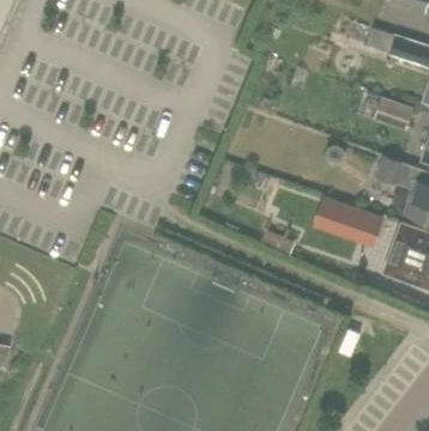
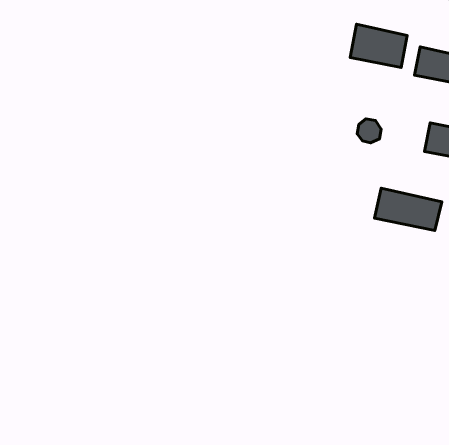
building: none -> [350,24,407,67]

